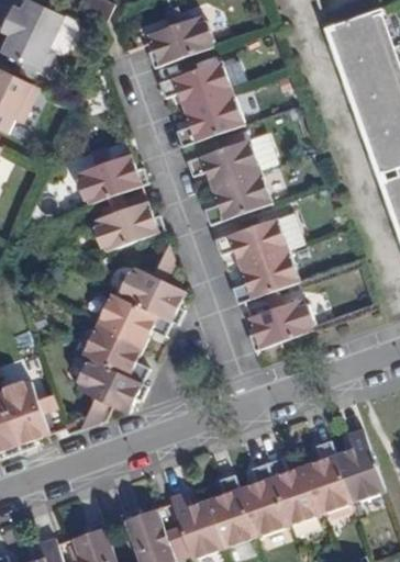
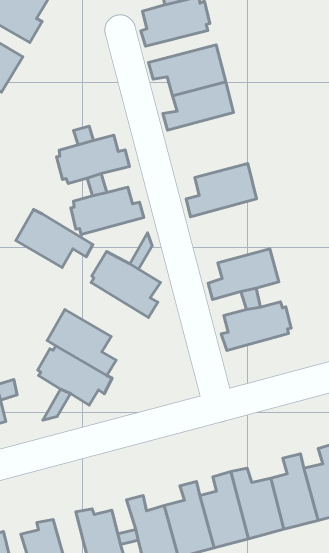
building: [185,133,275,188] -> none
building: [213,212,301,267] -> none
building: [96,292,169,345] -> [16,210,93,267]

